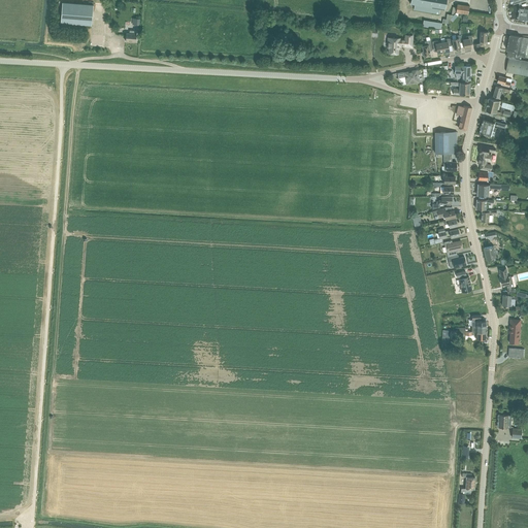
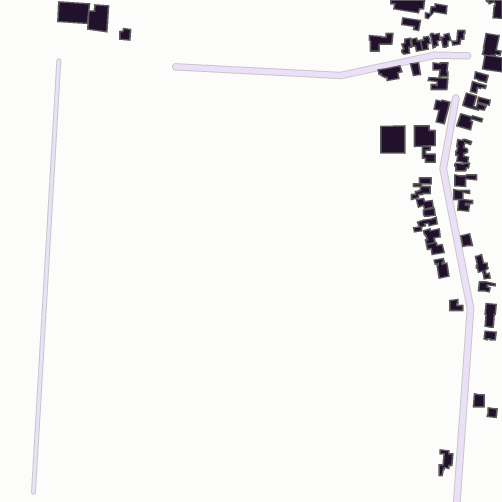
building: none -> [88,5,109,32]
building: none -> [381,126,405,153]

